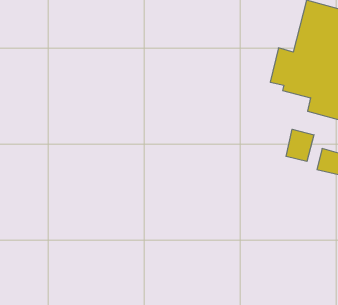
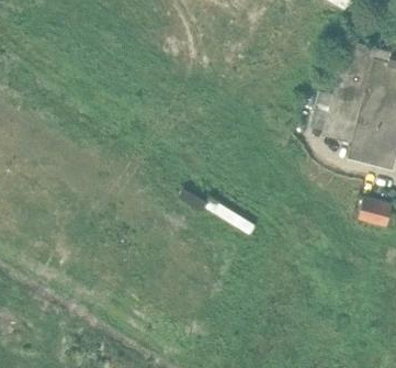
building: [286,129,314,161] -> none

